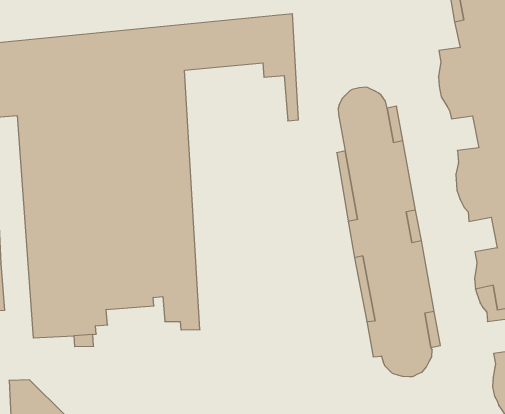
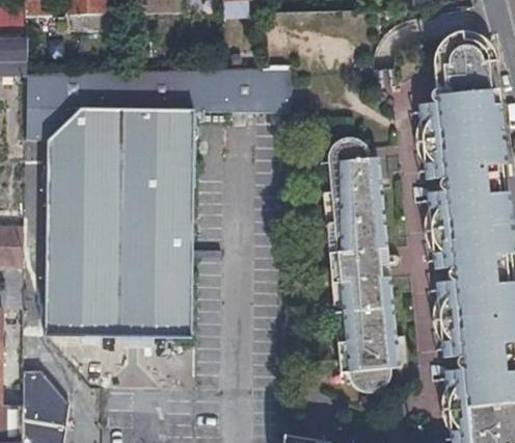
building: none -> [102,307,175,337]

